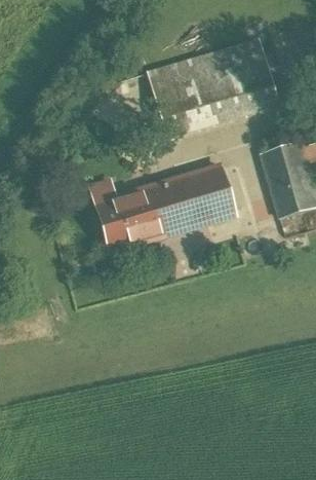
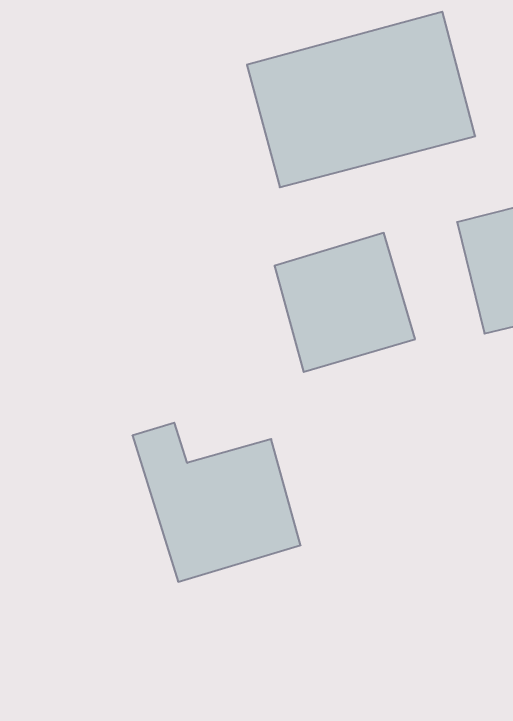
building: [82,169,176,258] -> [132,423,301,582]

